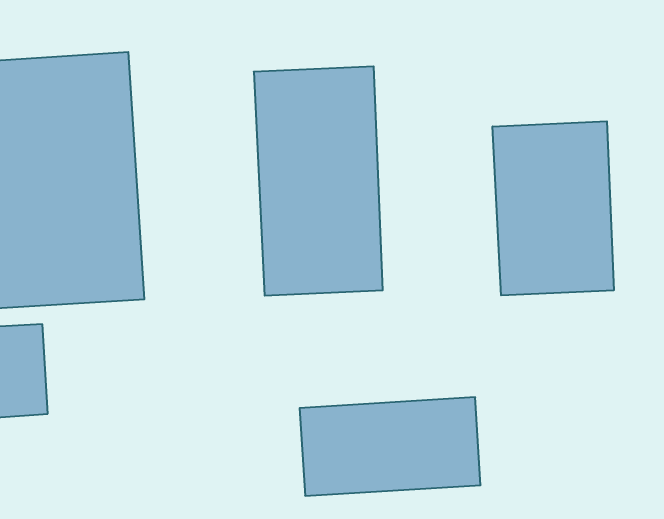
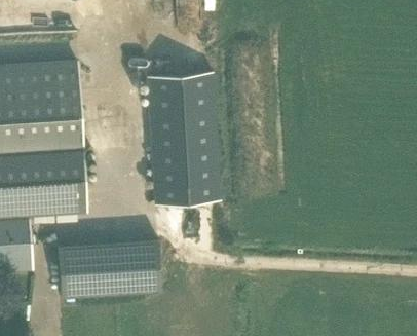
building: [493,121,614,295] -> none
building: [300,397,481,496] -> [58,239,161,296]

